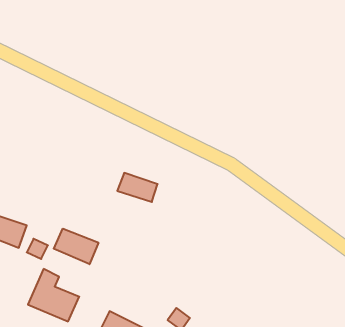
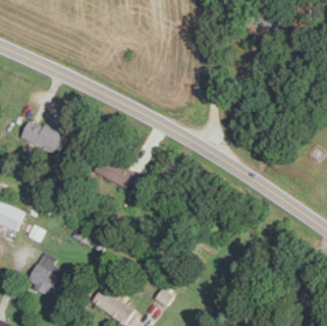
building: none -> [20,120,67,152]
building: [54,229,98,264] -> none

